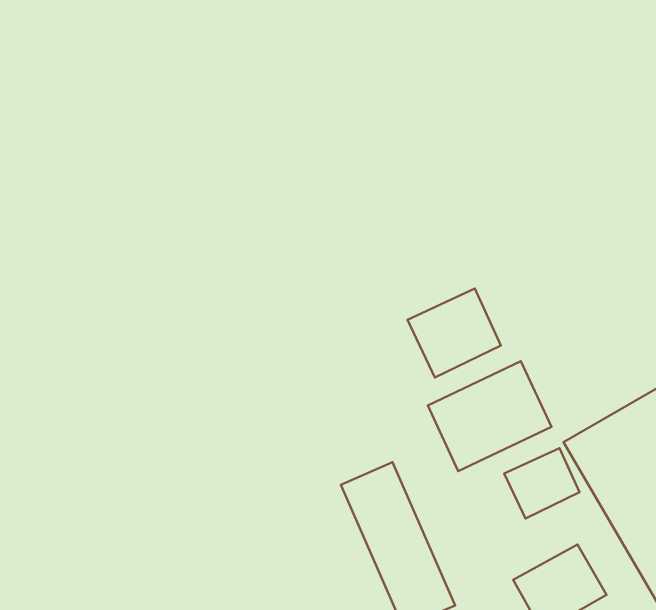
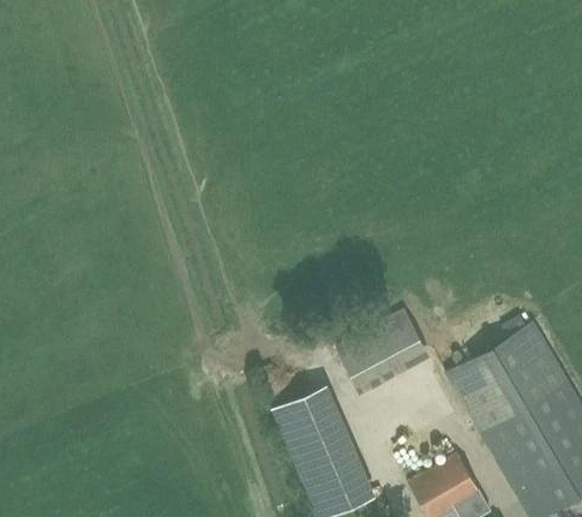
building: [408,289,501,378] -> none
building: [504,448,580,518] -> none

